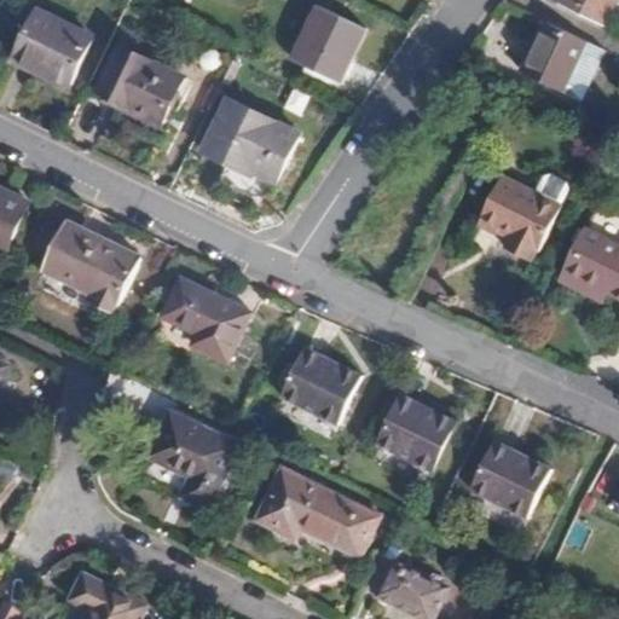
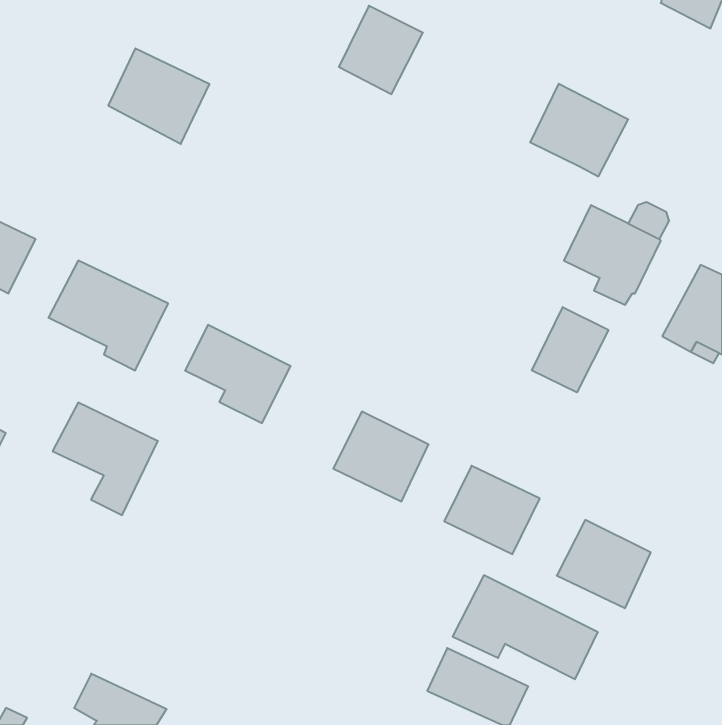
building: [10,8,86,81] -> none
building: [523,22,607,100] -> [530,84,628,176]
building: [198,96,293,178] -> none
building: none -> [532,307,608,392]
building: [149,413,238,509] -> [53,403,158,515]
building: [254,467,377,555] -> [453,575,598,679]

